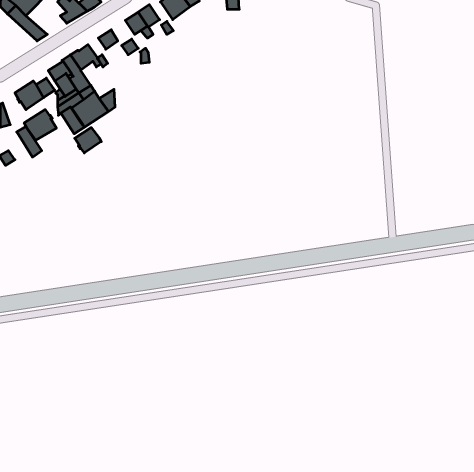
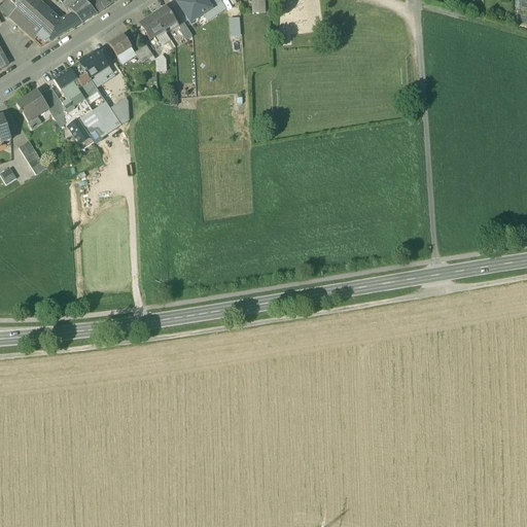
building: none -> [29,5,74,38]
building: [24,110,56,140] -> none
building: [75,128,101,153] -> none

